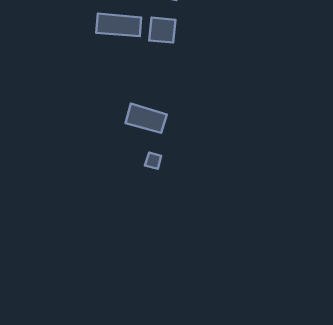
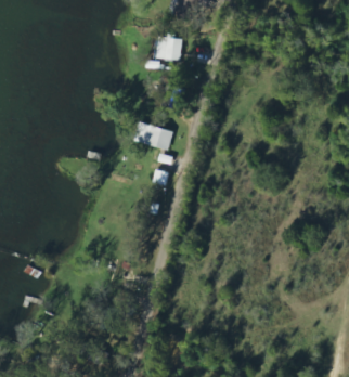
building: [96,14,141,36] -> none

